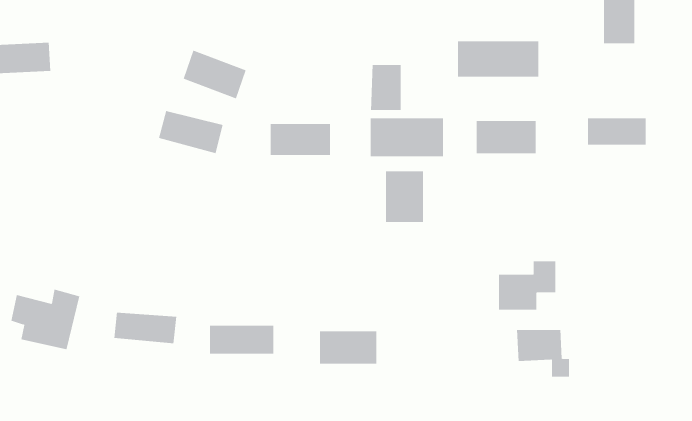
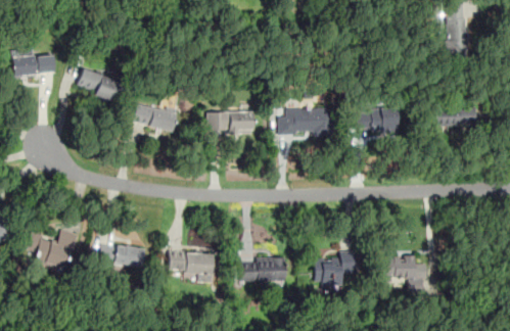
building: [457,40,539,78] -> none
building: [183,50,247,99] -> [76,67,121,102]
building: [371,64,401,111] -> none
building: [386,171,424,223] -> none
building: [498,261,556,310] -> [315,251,356,286]

